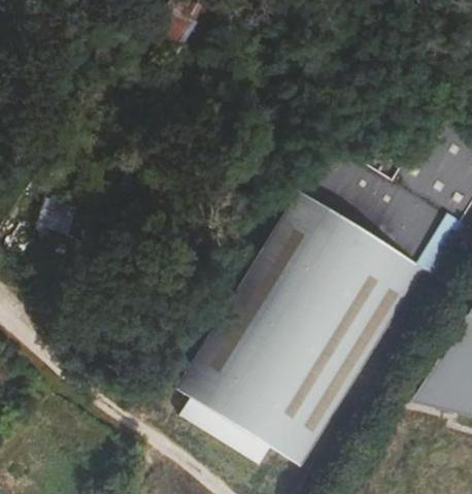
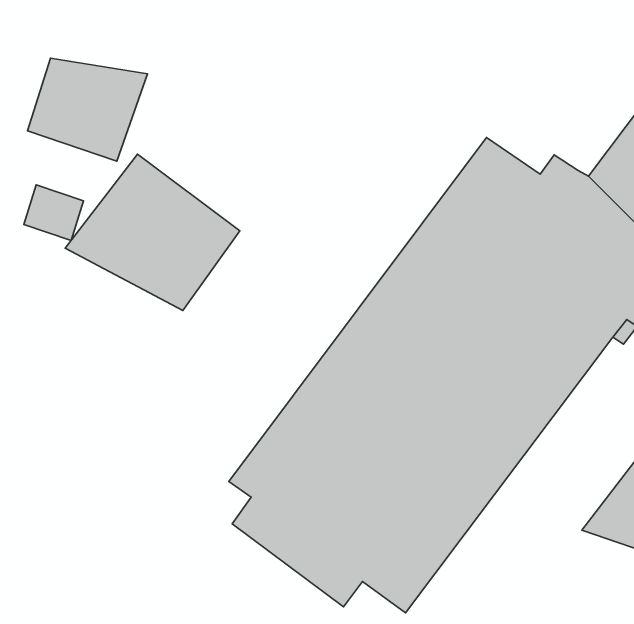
building: none -> [27,58,147,161]
building: none -> [65,154,240,310]

